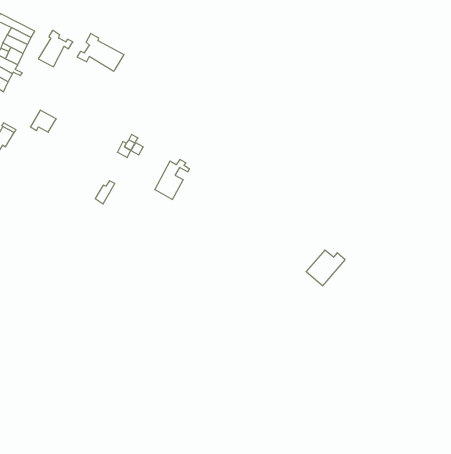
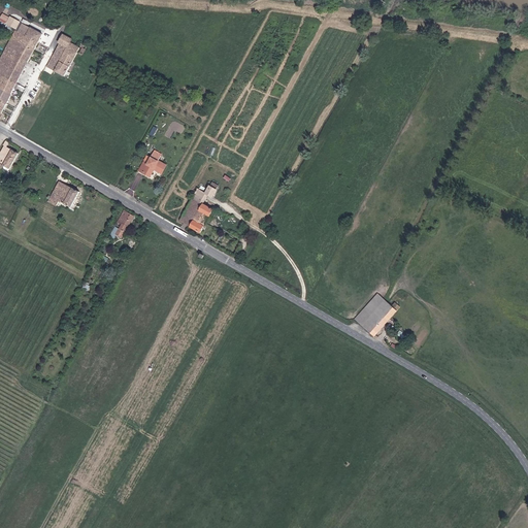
building: [77,33,124,71] -> none
building: [30,110,56,132] -> [47,179,77,205]

